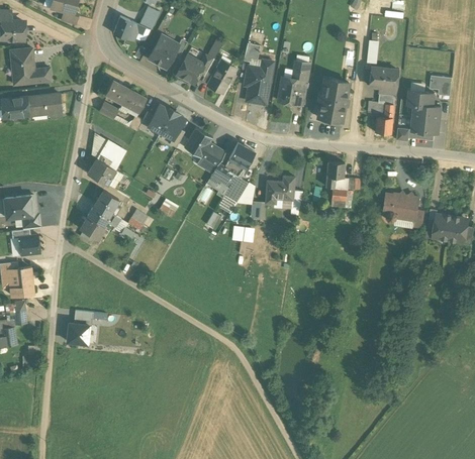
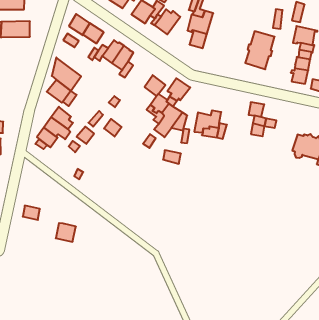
building: [279,62,309,104] -> none
building: [184,127,212,156] -> none
building: [67,323,89,343] -> [56,223,76,242]

